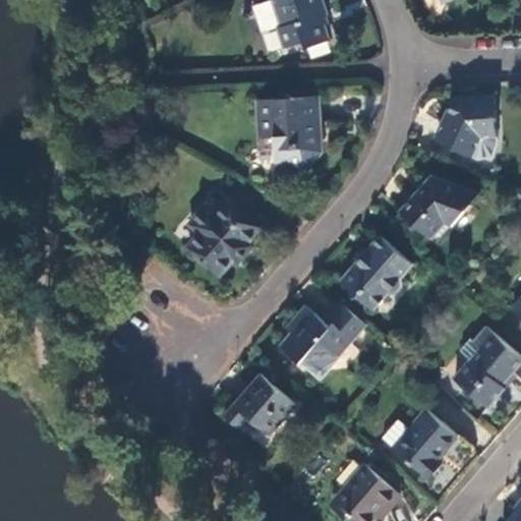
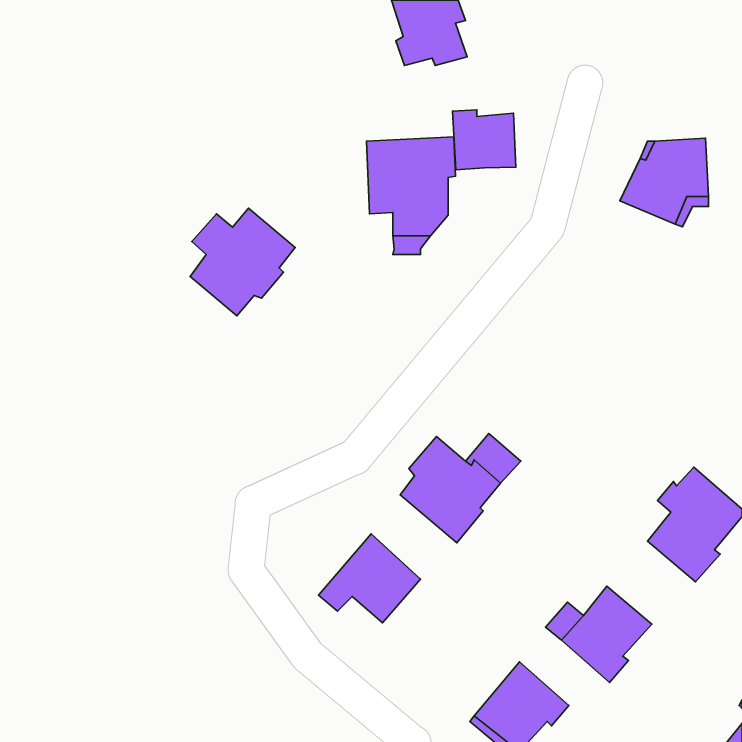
building: none -> [452,110,516,170]
building: [400,176,477,238] -> none
building: [186,200,259,276] -> [190,208,295,316]
building: [340,236,411,310] -> none

